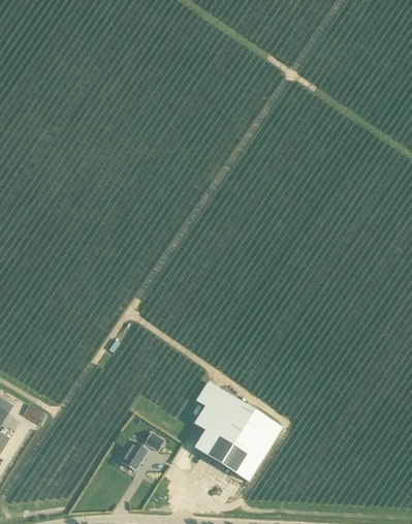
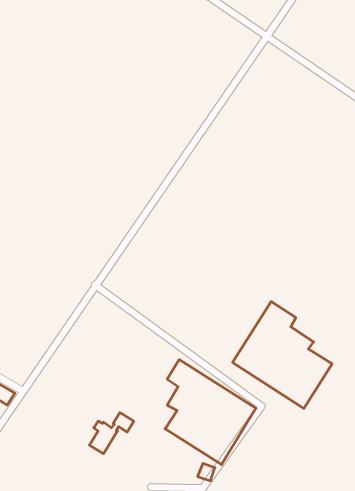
building: none -> [233,302,332,408]

